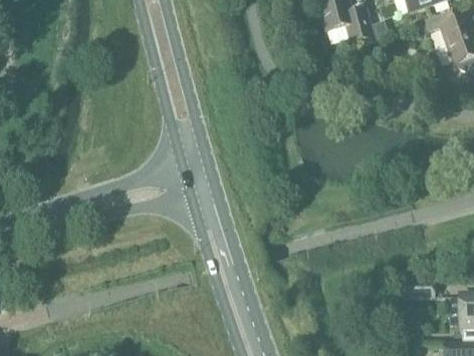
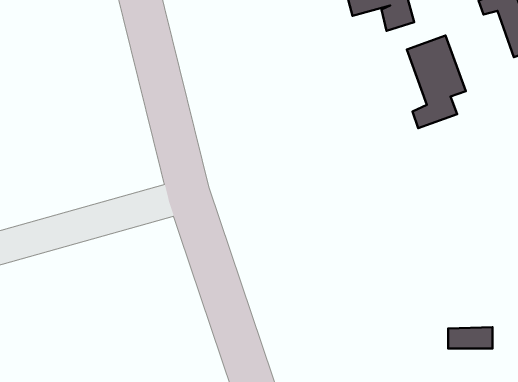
building: none -> [407,36,466,128]

